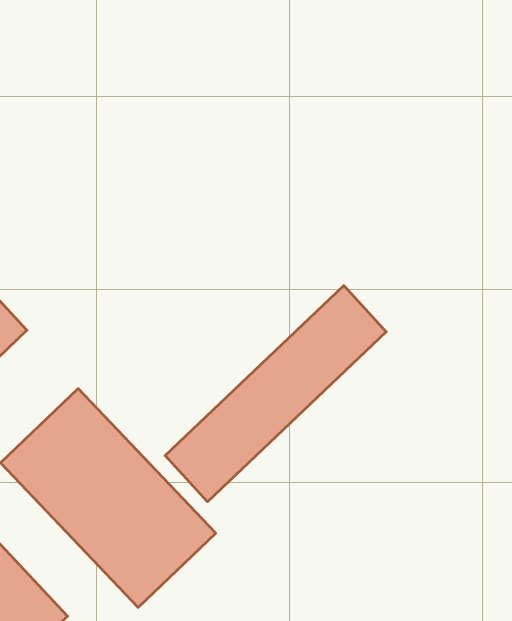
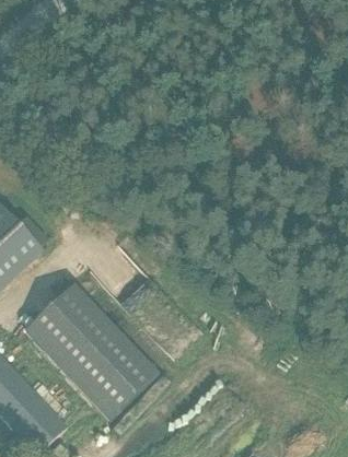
building: [165,286,386,502] -> none

